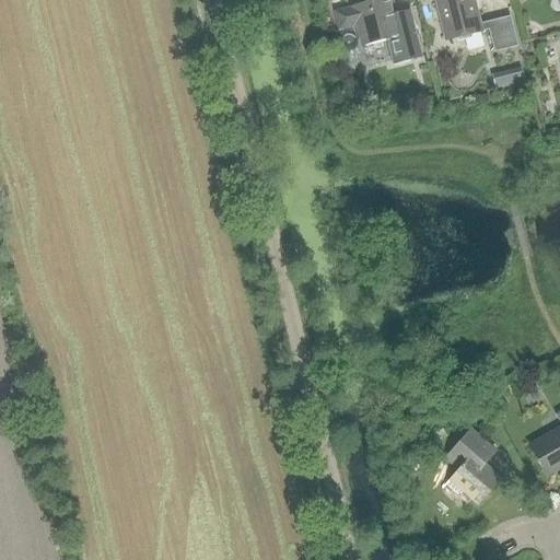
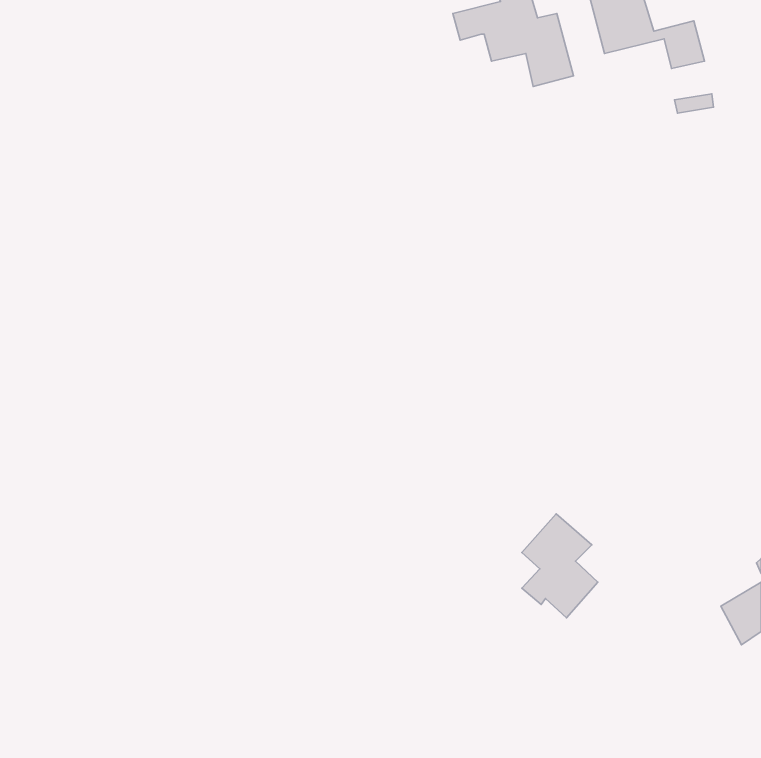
building: [444,428,500,504] -> [522,514,598,618]

